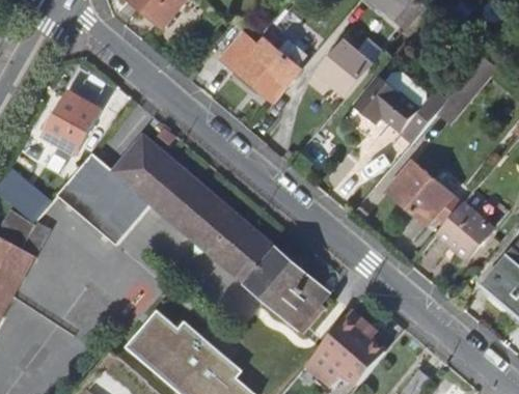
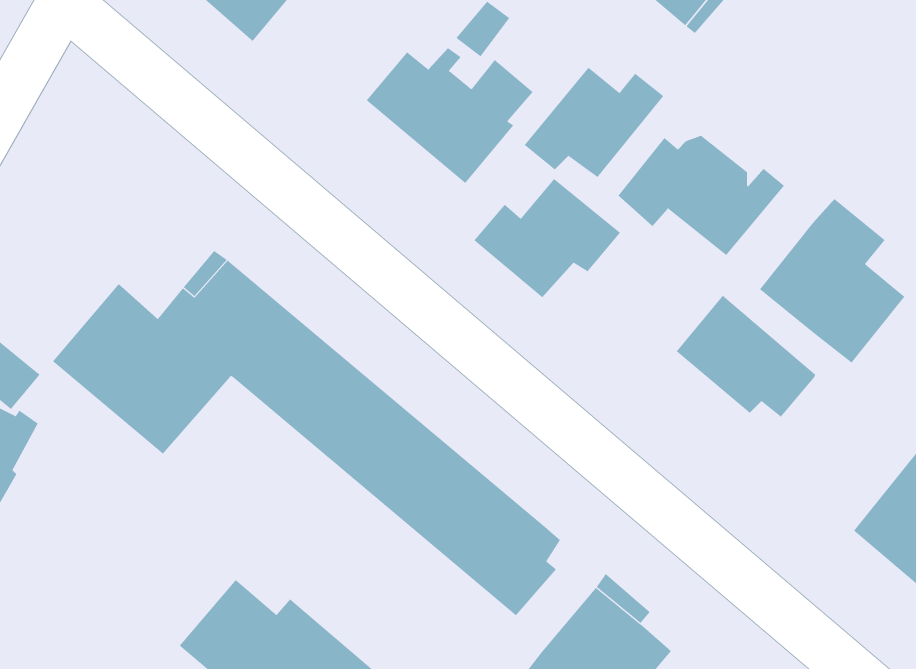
building: [43,90,99,152] -> none
building: none -> [474,178,621,298]
building: none -> [759,198,905,363]
building: [437,205,491,259] -> none

